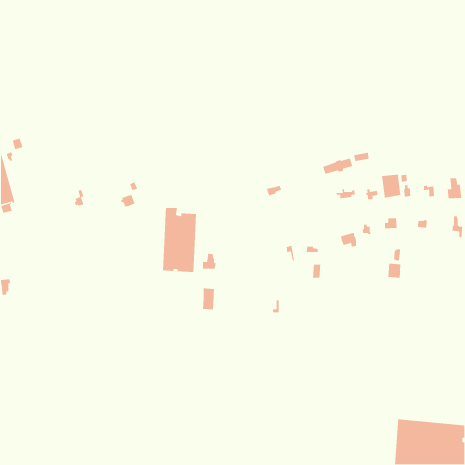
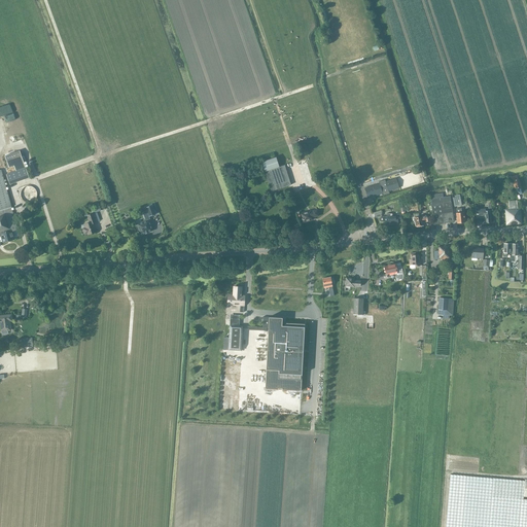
building: none -> [261,157,291,191]
building: [162,207,197,273] -> [266,317,305,391]

